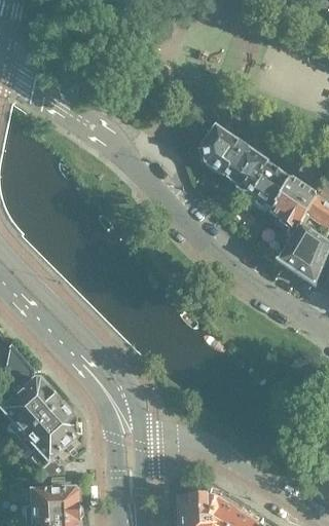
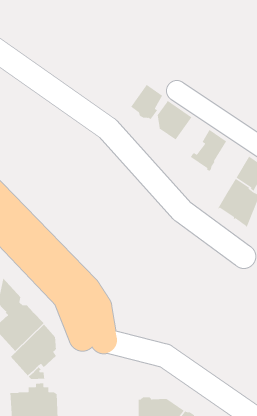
building: [224,146,265,191] -> [130,84,163,120]
building: [268,176,315,239] -> none

